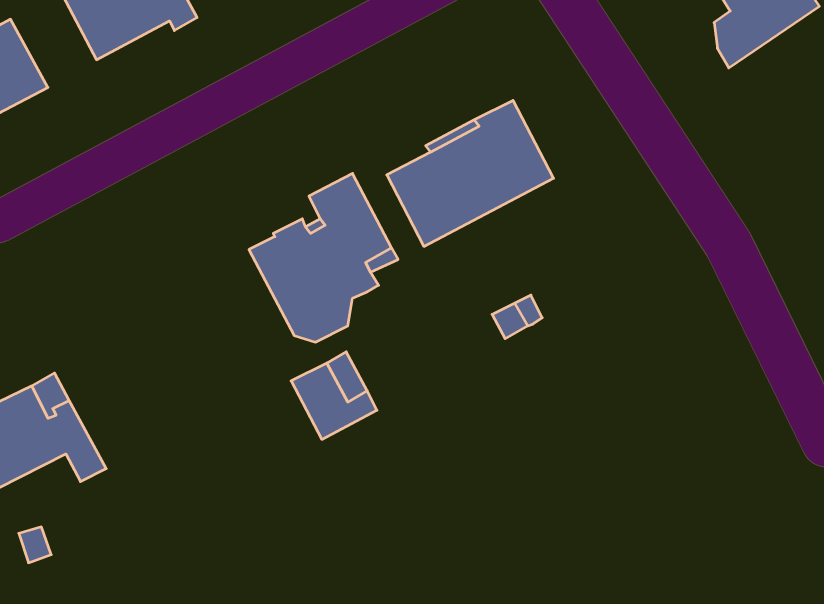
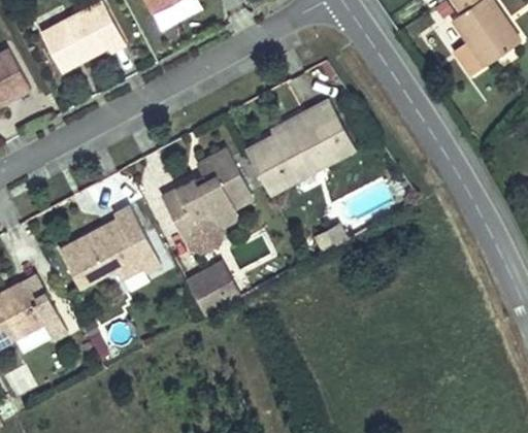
building: none -> [59,206,159,288]

